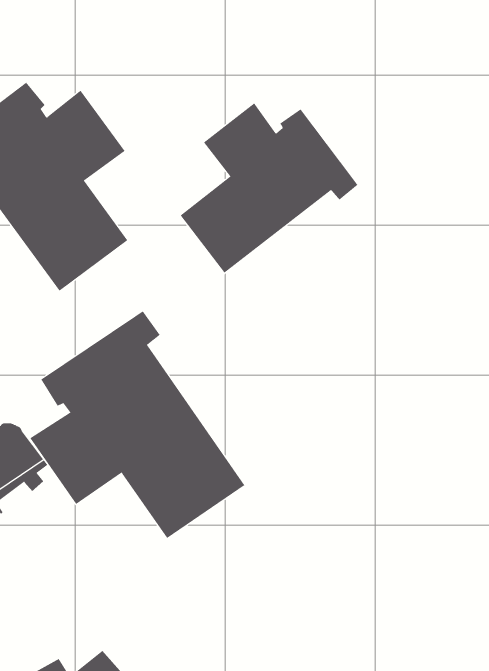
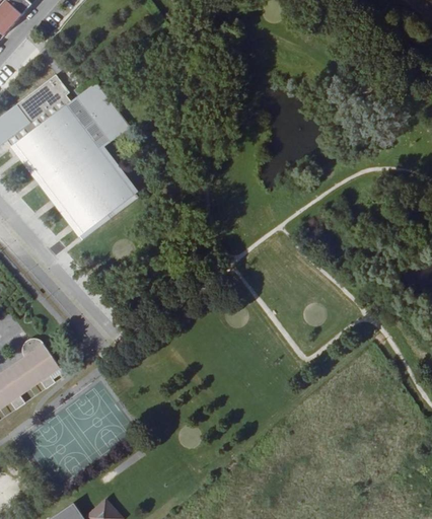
building: [180,103,358,274] -> none
building: [29,311,245,539] -> none

